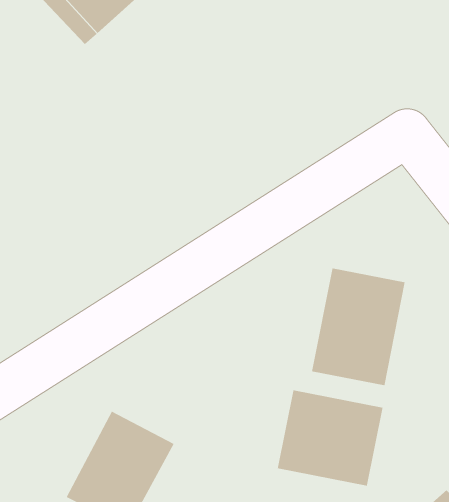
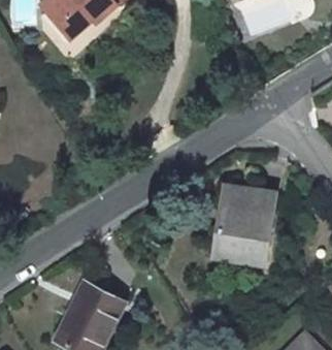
building: [277,390,383,486] -> none

